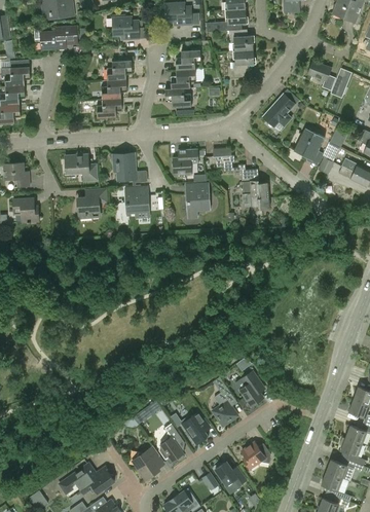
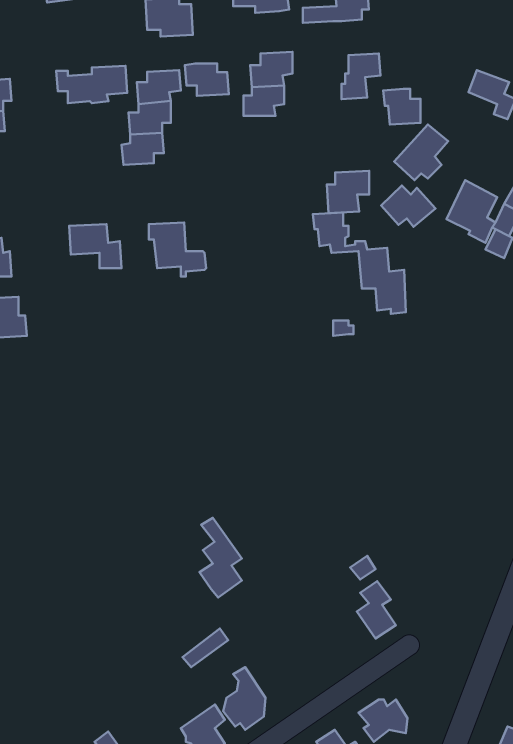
building: [34,27,77,49] -> [56,66,127,103]
building: [230,30,253,51] -> [383,89,420,124]
building: [164,88,191,108] -> [185,64,229,96]
building: none -> [381,186,435,227]
building: [173,149,198,175] -> [327,171,369,213]
building: [185,184,211,219] -> none
building: [124,188,150,219] -> none
building: [78,189,106,219] -> none
building: [212,377,237,426] -> [199,518,242,597]
building: [181,411,209,444] -> none

